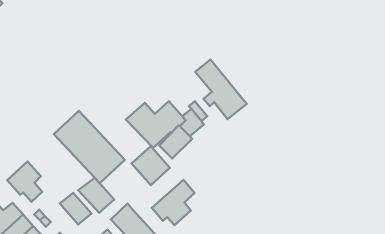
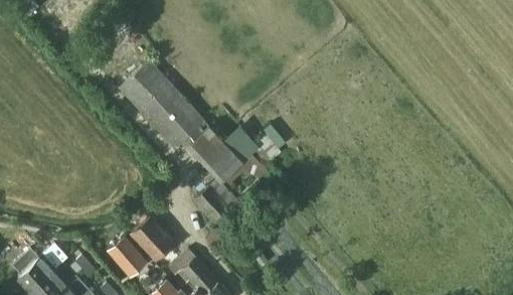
building: [195,59,247,119] -> none
building: [54,111,125,183] -> [118,60,203,148]
building: [7,162,42,202] -> none
building: [152,180,195,225] -> none

